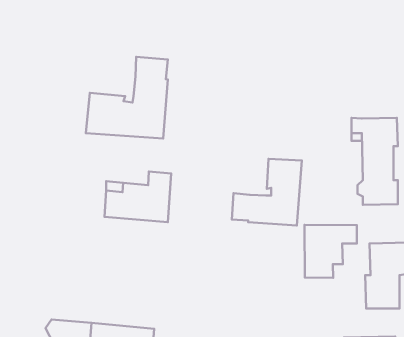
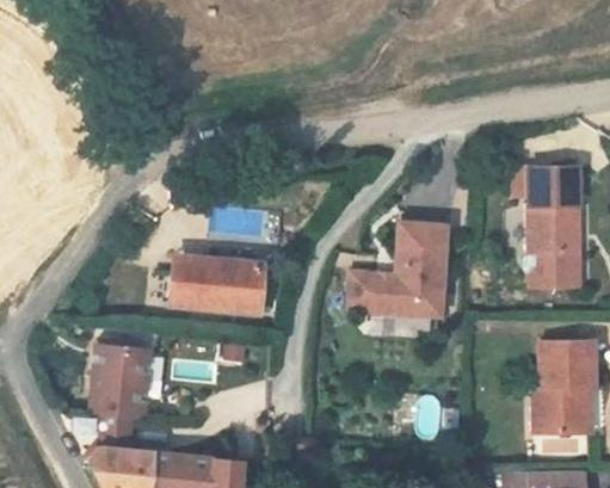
building: [86,57,168,138] -> none
building: [304,225,357,278] -> none
building: none -> [94,347,150,415]

